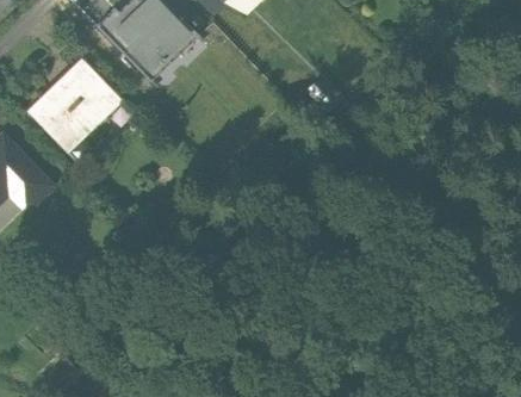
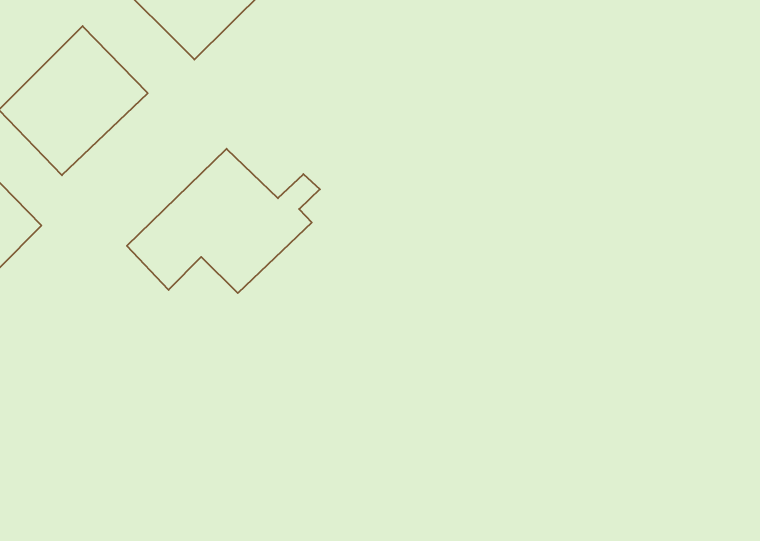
building: none -> [127,149,320,293]

